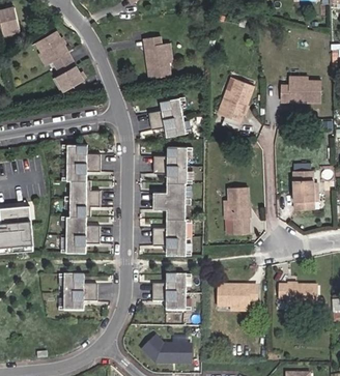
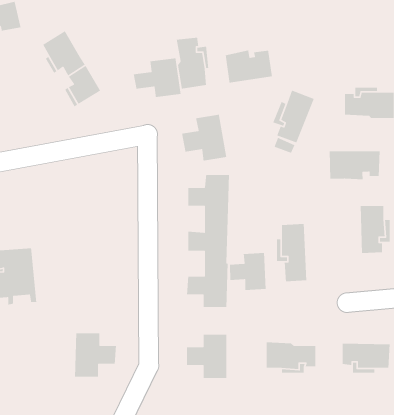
building: none -> [225,49,273,83]
building: none -> [133,57,182,98]
building: none -> [329,150,380,180]
building: [64,145,100,252] -> none
building: none -> [229,252,266,291]

